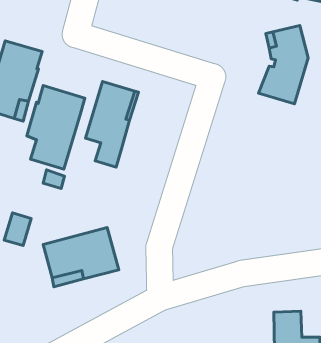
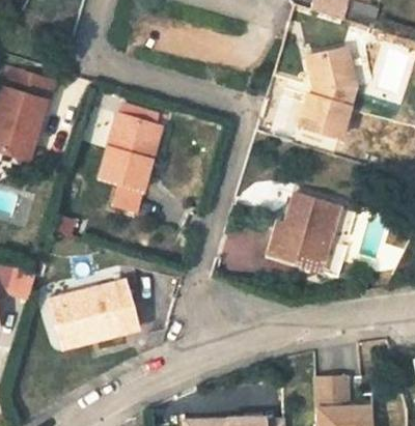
building: [27,86,85,169] -> none
building: none -> [268,191,340,272]

